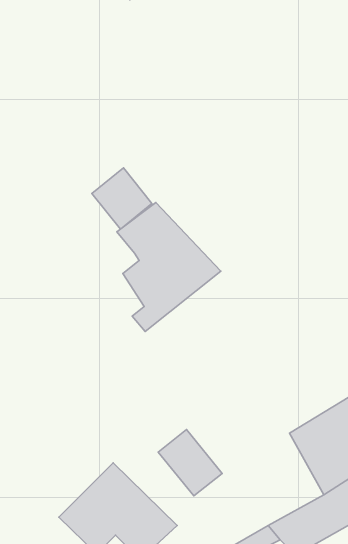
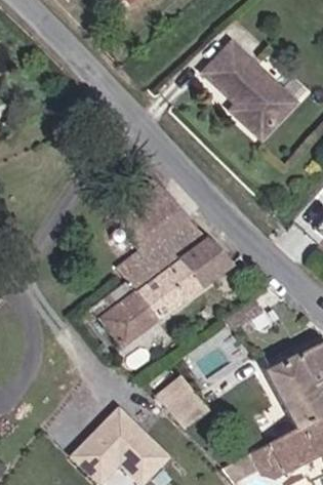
building: none -> [196,41,280,132]
building: [92,168,152,229] -> none
building: none -> [106,236,230,342]

